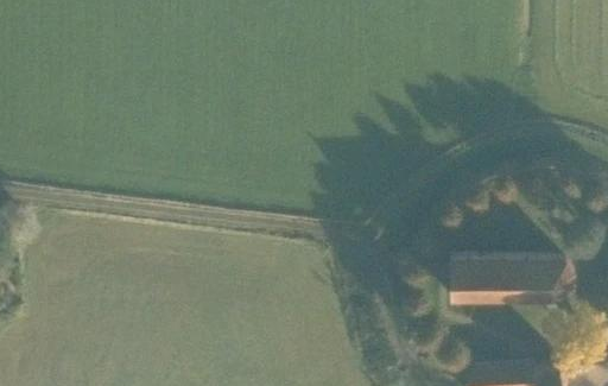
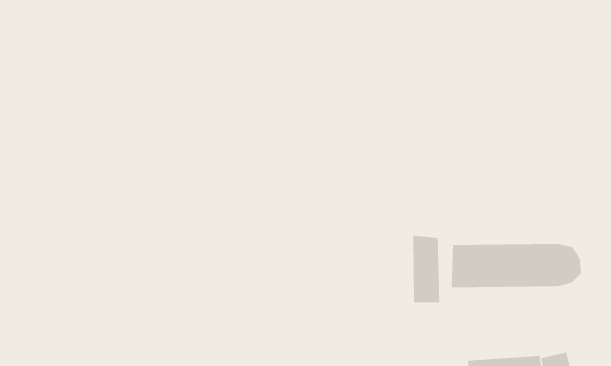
building: none -> [412,235,440,303]

